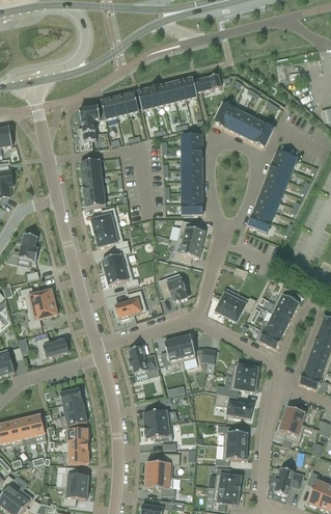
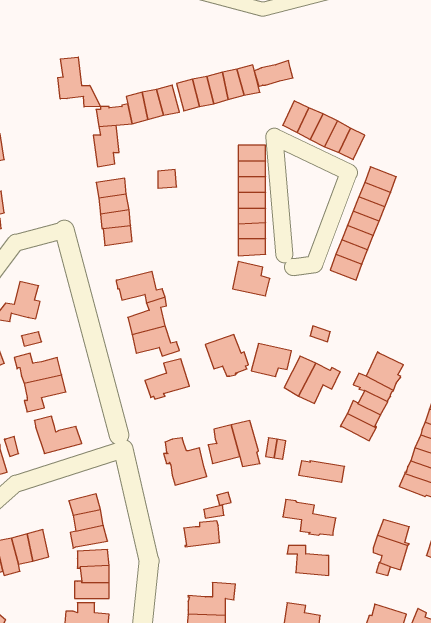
building: none -> [58,57,100,107]
building: [90,206,119,233] -> none
building: [172,239,201,263] -> [251,344,291,377]
building: [216,374,256,396] -> none
building: [143,422,172,440] -> none
building: [215,444,247,465] -> none

